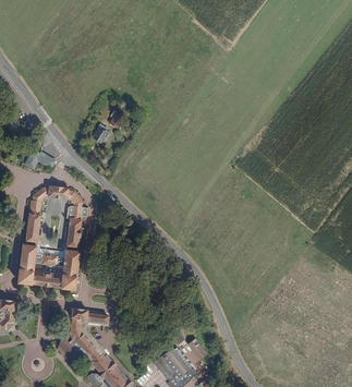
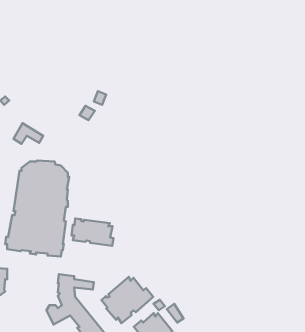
building: none -> [72,219,113,246]
building: none -> [101,277,153,323]

